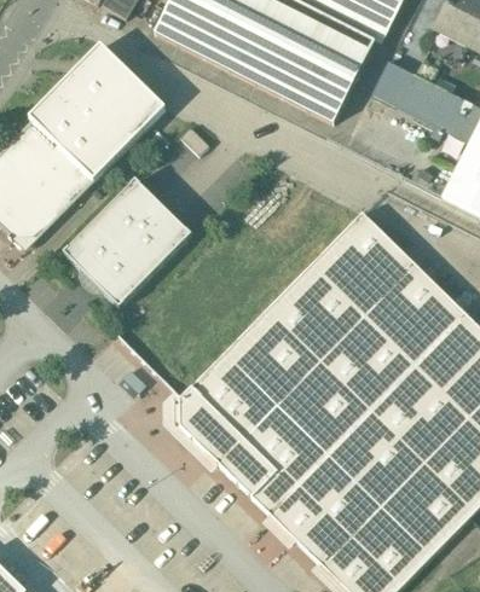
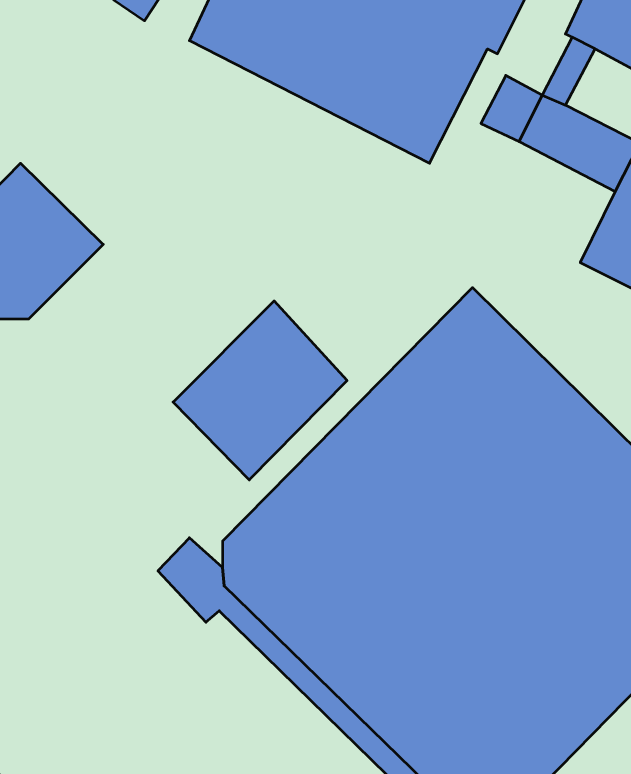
building: [27,42,164,179] -> none
building: [63,176,190,307] -> [173,301,347,480]

